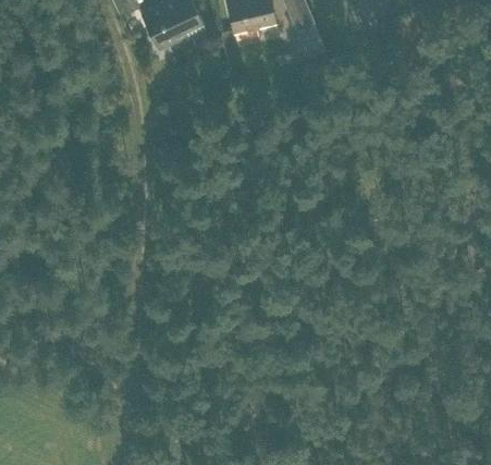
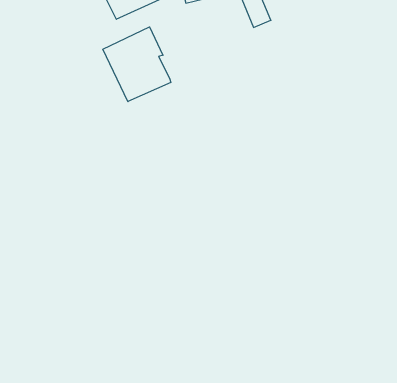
building: none -> [103,27,171,102]

